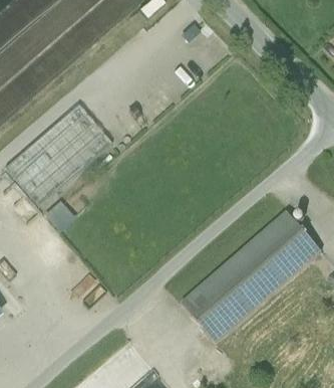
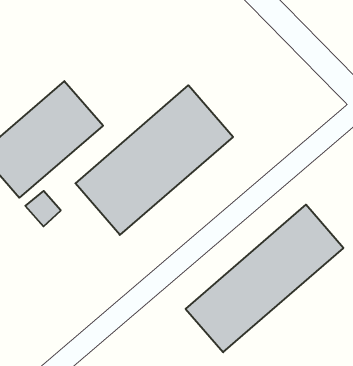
building: none -> [75,85,233,235]

